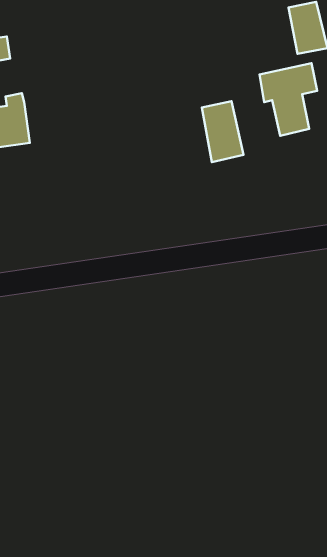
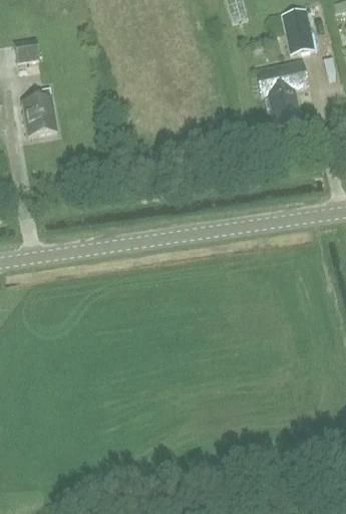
building: [202,101,243,162] -> none

